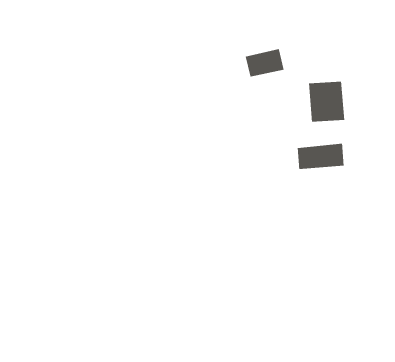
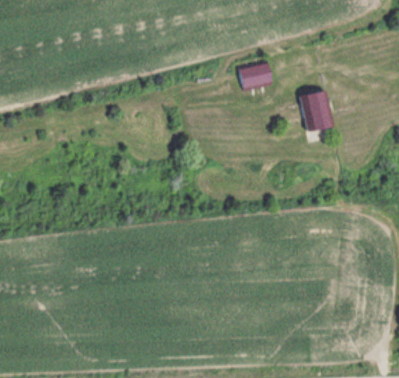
building: [297,143,344,170] -> none

